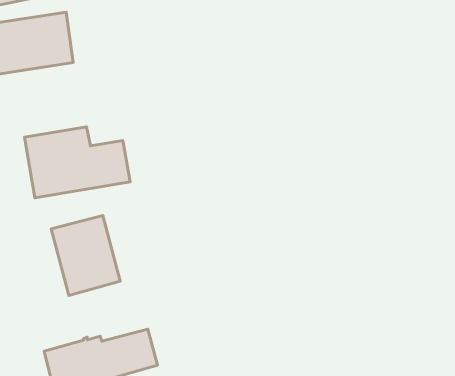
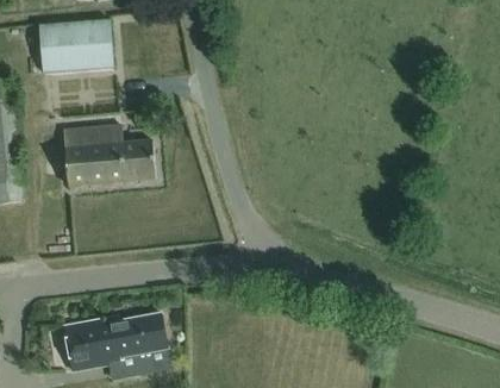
building: [51,216,120,296] -> none

